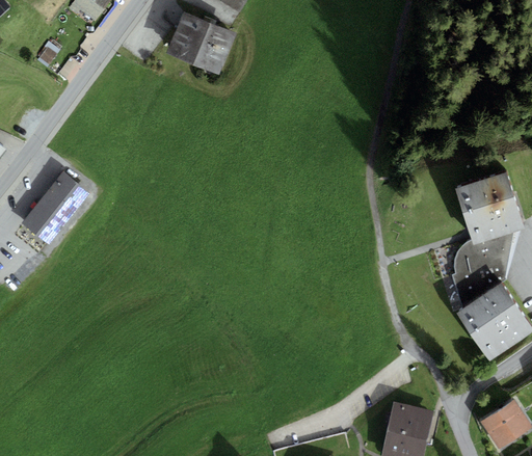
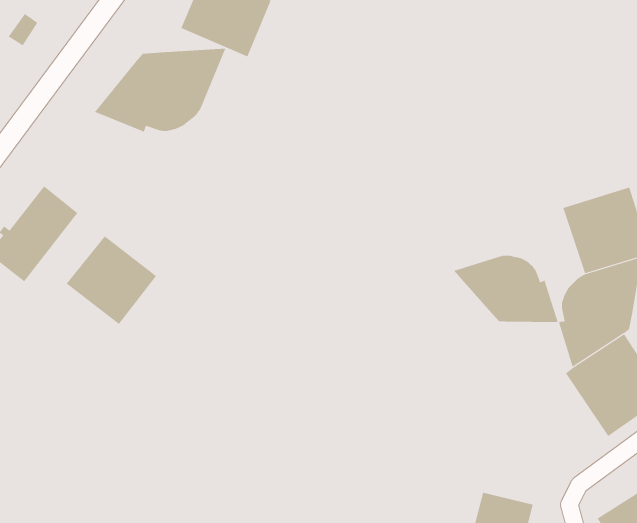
building: none -> [94,48,226,132]
building: none -> [66,235,157,325]
building: none -> [453,255,558,323]

